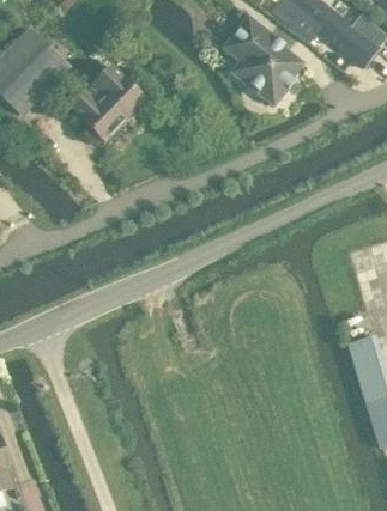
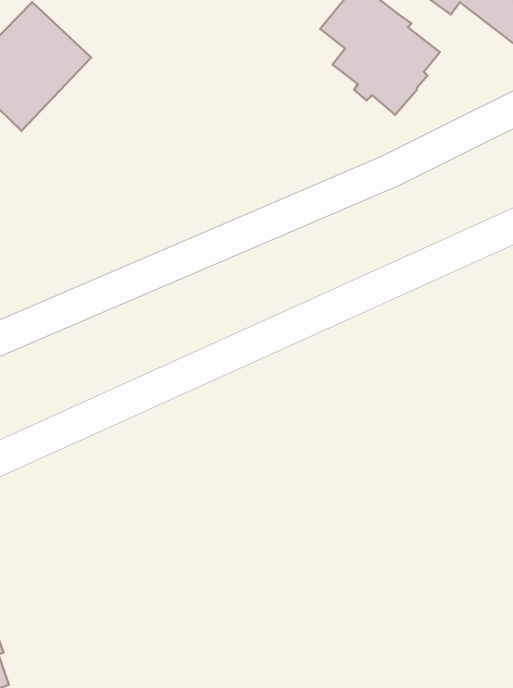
building: [72,66,145,140] -> none

